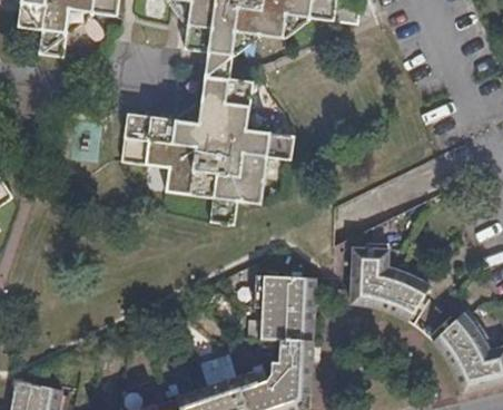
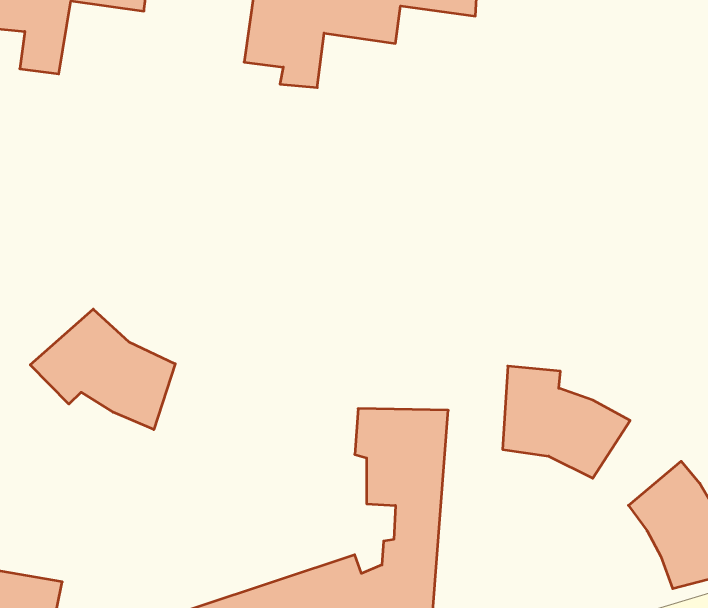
building: [118,64,294,224] -> none
building: none -> [30,309,175,430]

